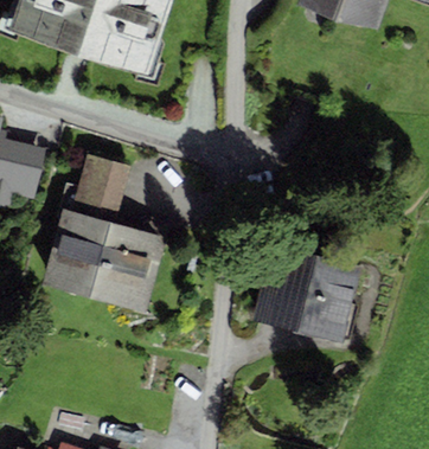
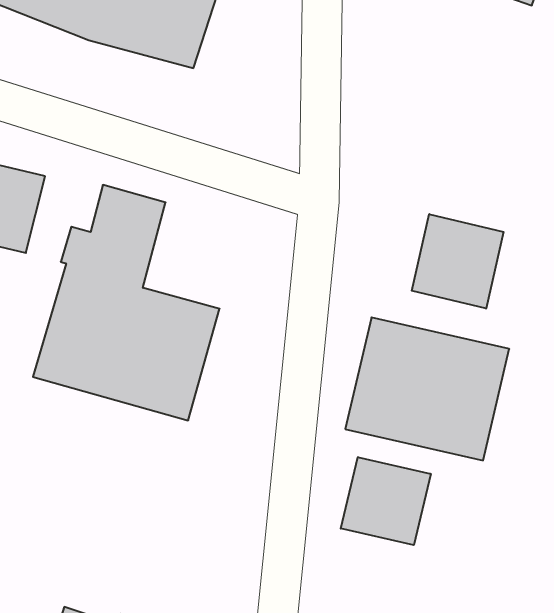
building: none -> [412,214,504,309]
building: none -> [341,457,431,545]

